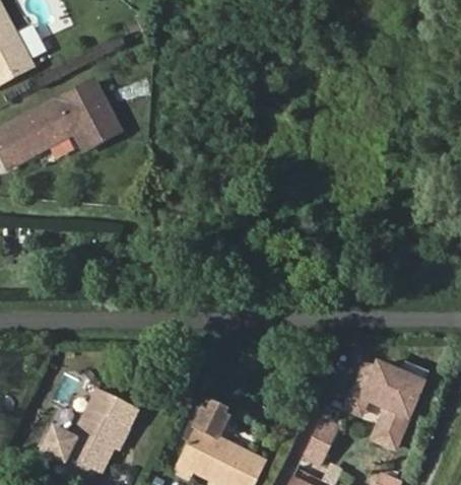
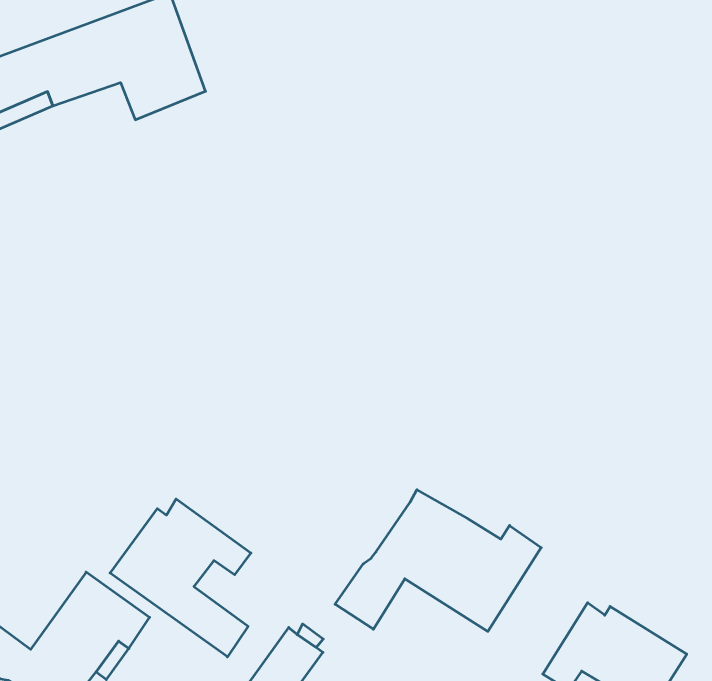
building: none -> [335,490,541,631]
building: none -> [110,499,251,657]

